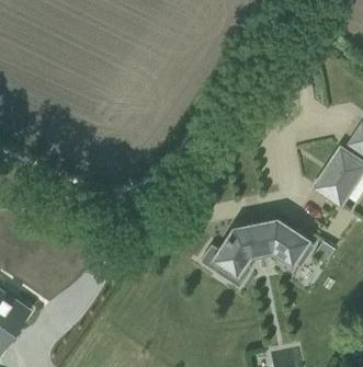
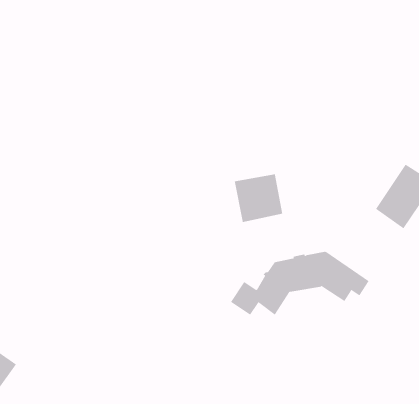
building: none -> [234,173,283,223]

